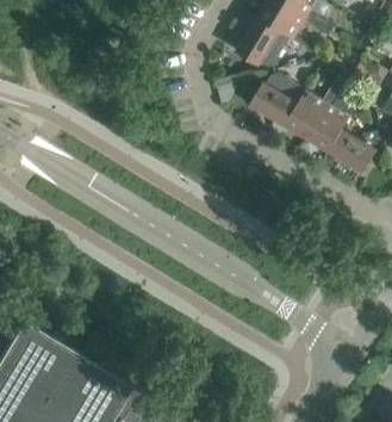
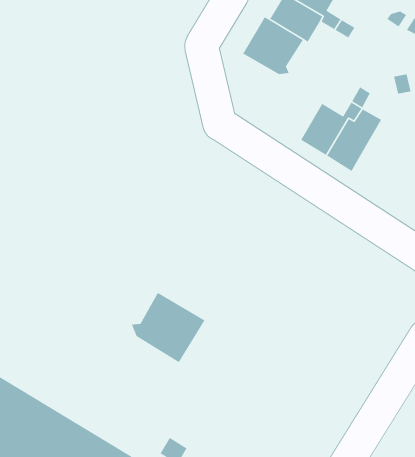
building: [251,74,304,125] -> none
building: [328,130,378,172] -> none
building: none -> [131,292,205,363]

